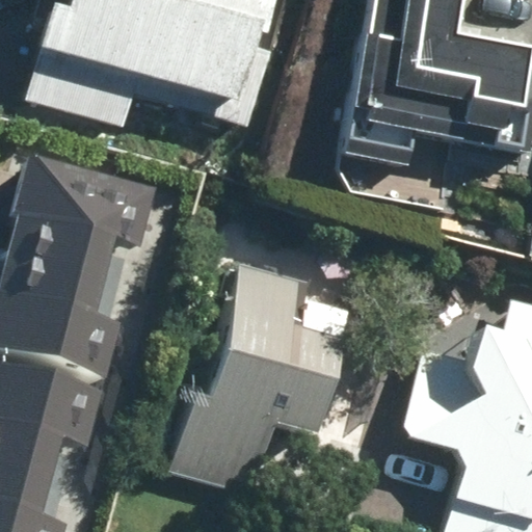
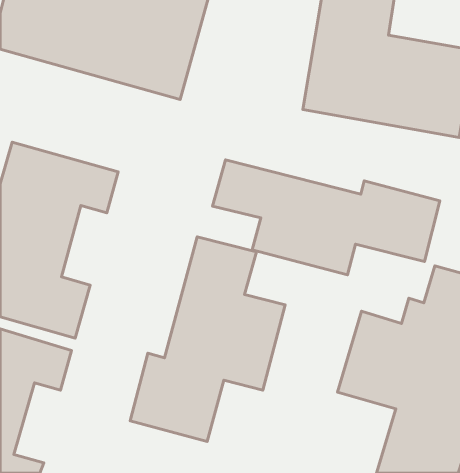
building: none -> [213,160,440,275]

